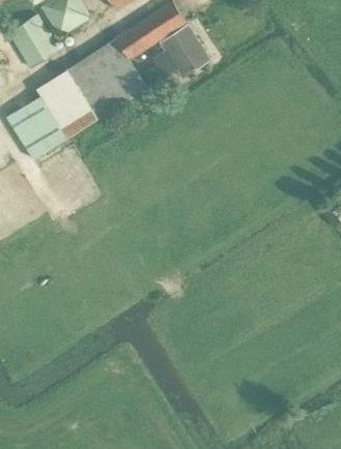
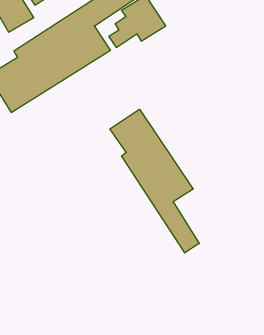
building: none -> [110,109,199,253]

